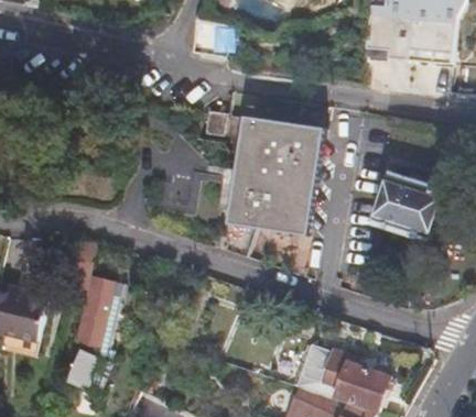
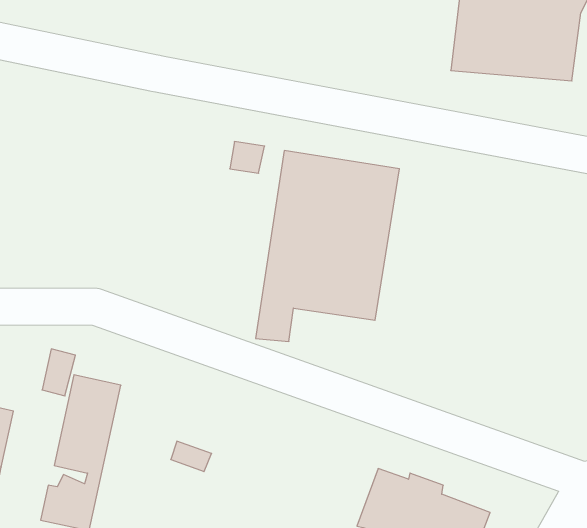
building: [375,174,442,237] -> none

